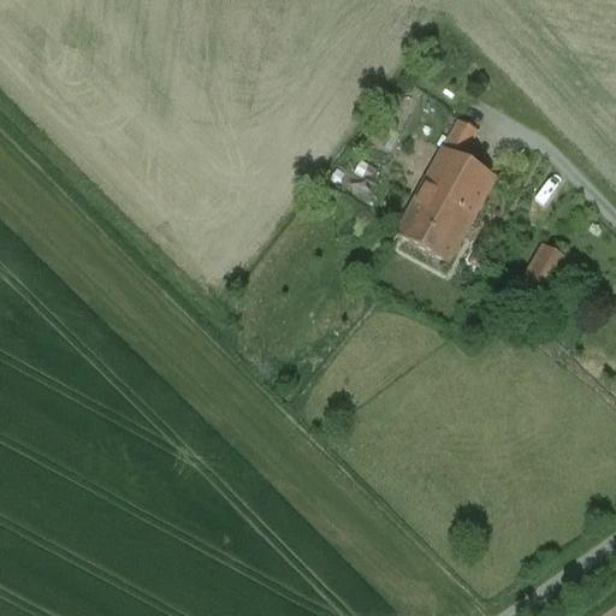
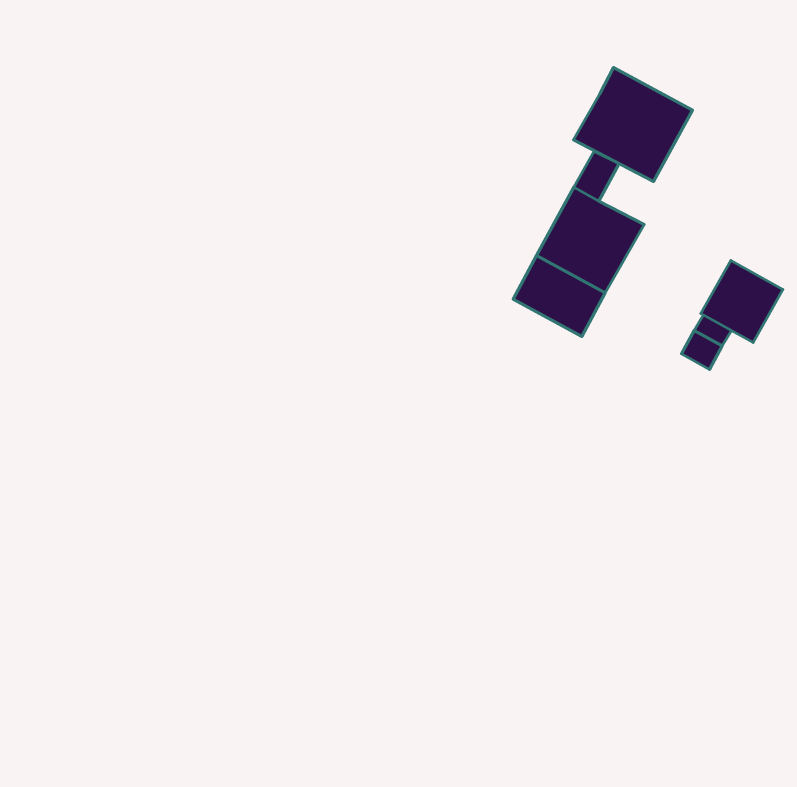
building: none -> [573,67,692,182]
building: none -> [701,261,783,342]

